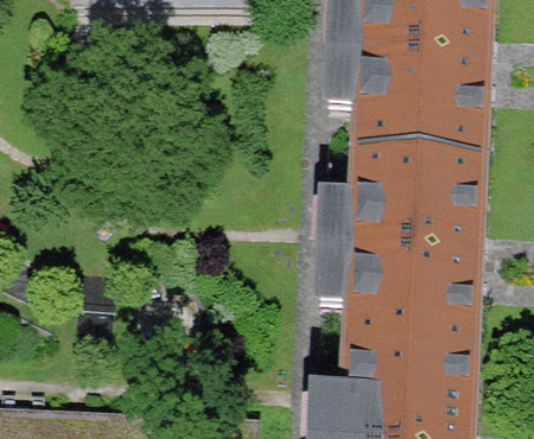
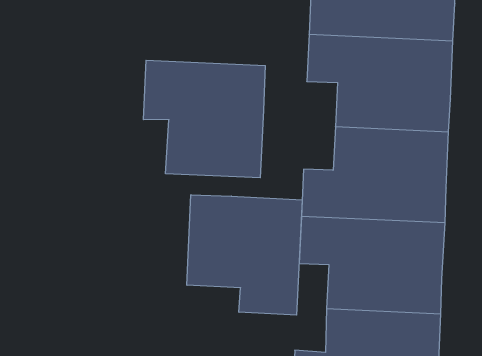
building: none -> [143,60,265,178]
building: none -> [187,195,302,315]

